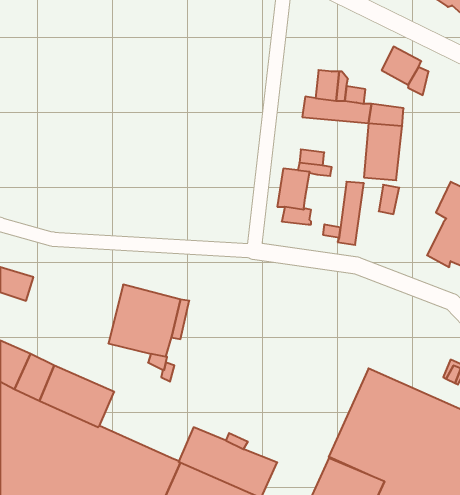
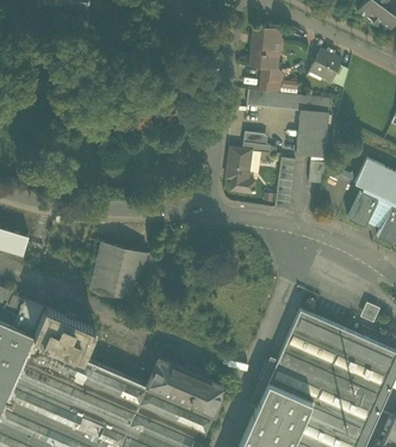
building: none -> [248,27,279,69]

